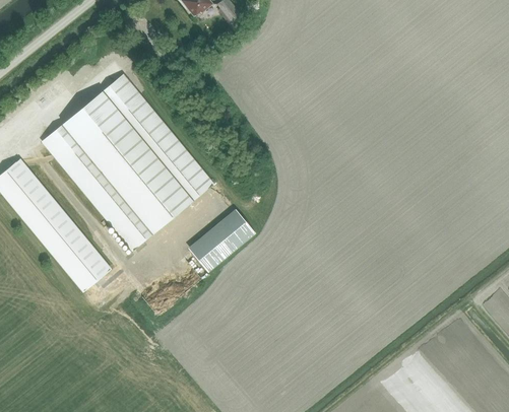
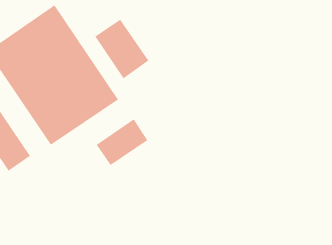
building: none -> [95,19,149,79]

